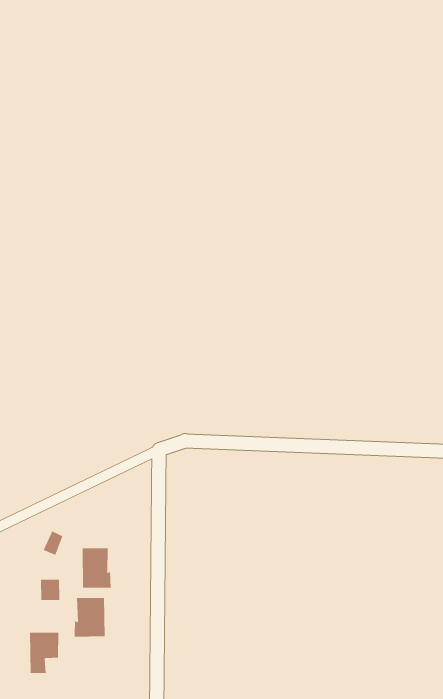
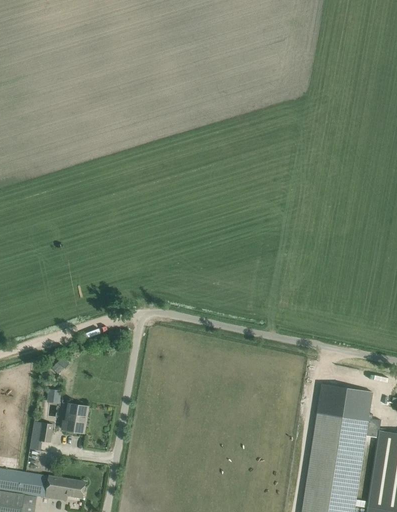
building: [82,548,111,588] -> none

